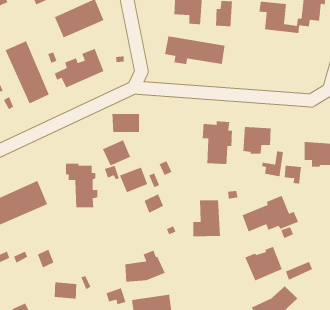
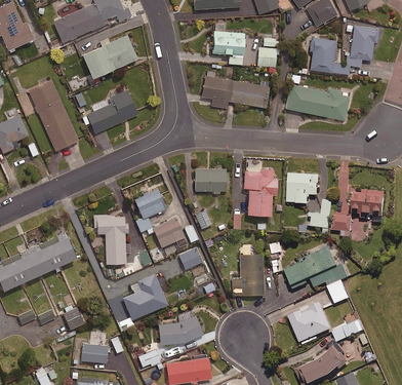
building: none -> [286,84,350,120]
building: [112,113,140,133] -> [195,168,226,190]
building: none -> [123,274,167,319]

